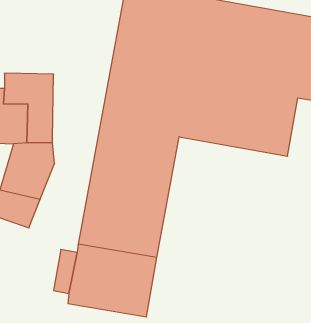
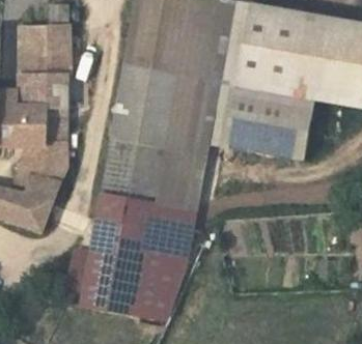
building: none -> [17,26,72,77]

